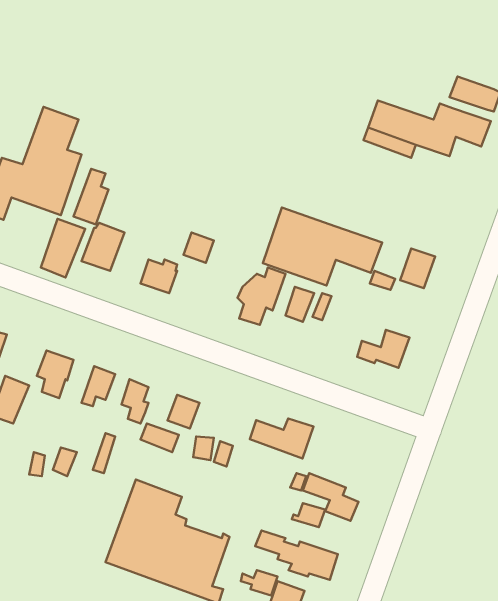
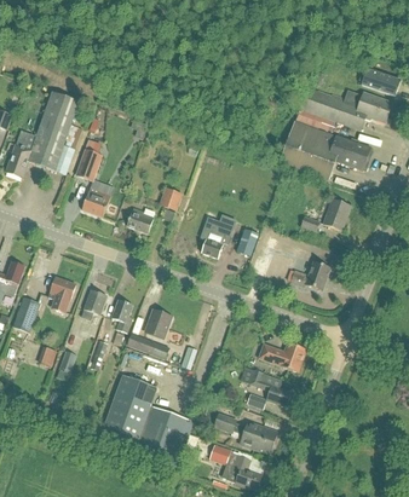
building: [263,207,382,285] -> [280,120,370,179]
building: [41,219,85,278] -> none
building: [250,419,314,458] -> [258,341,306,371]

